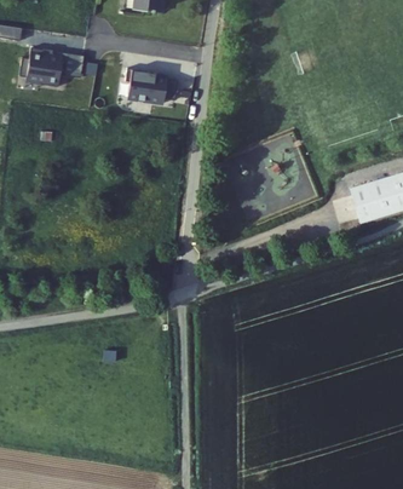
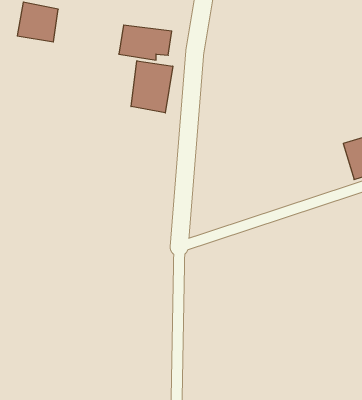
building: none -> [131,61,173,113]

